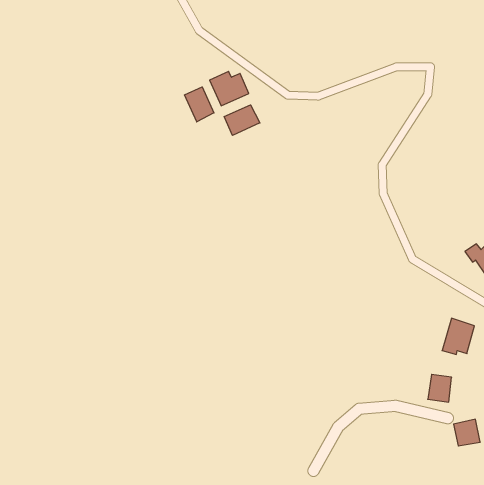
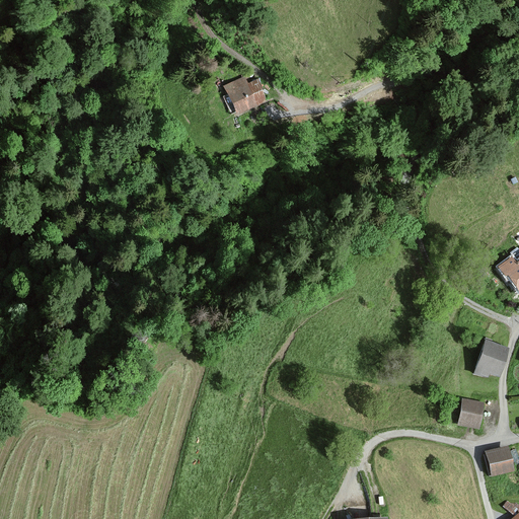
building: [184,87,214,122] -> none
building: [224,105,260,135] -> none

